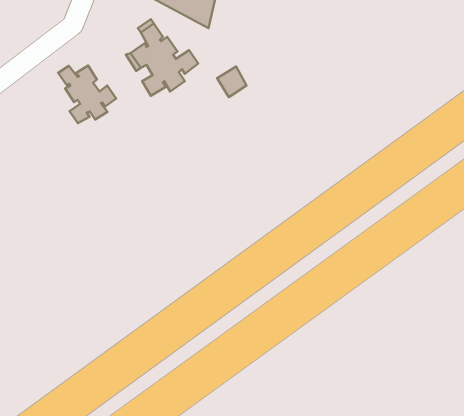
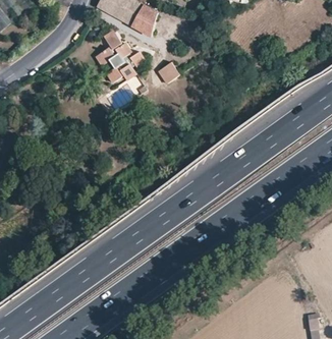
building: [58,66,116,123] -> none

